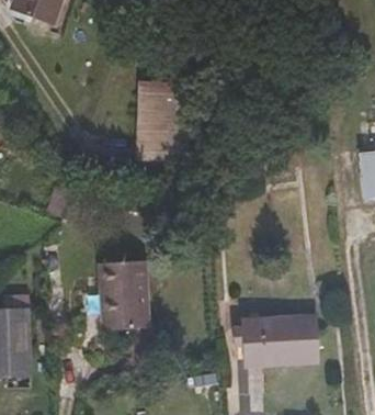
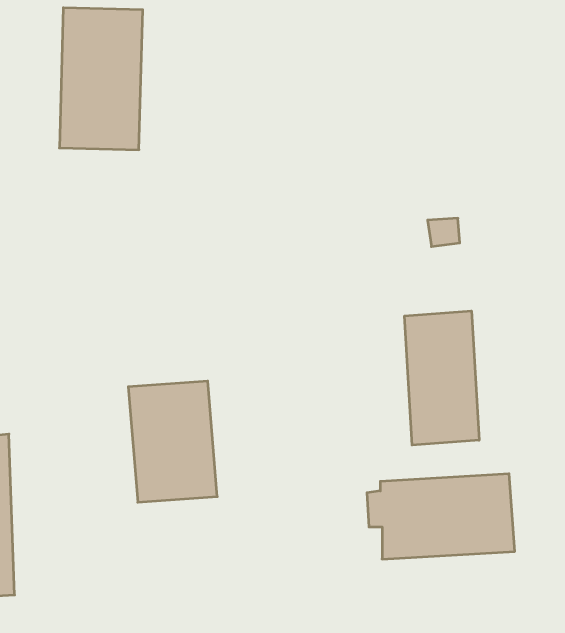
building: [136,78,184,160] -> [59,8,143,150]
building: none -> [405,311,479,445]

